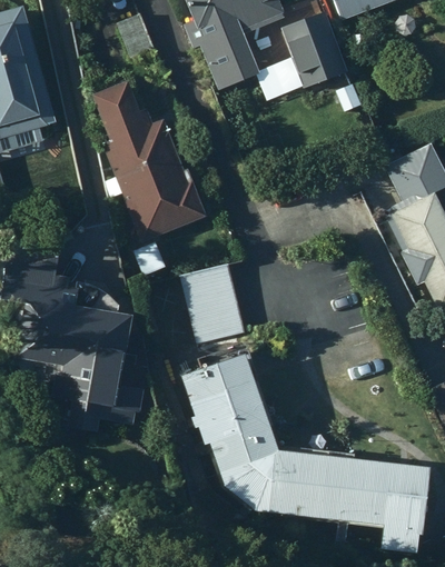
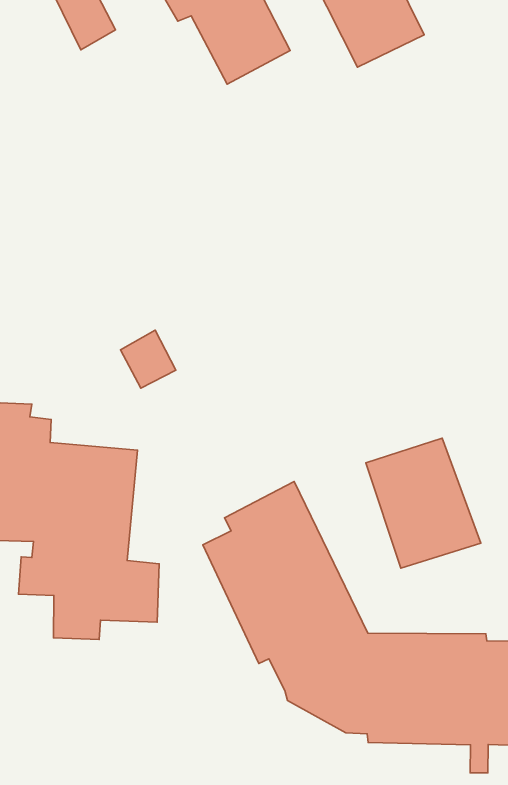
building: [91,71,207,240] -> none
building: [177,263,244,342] -> [366,438,481,568]

